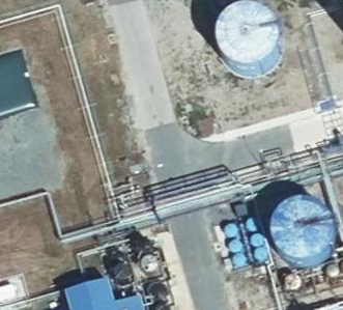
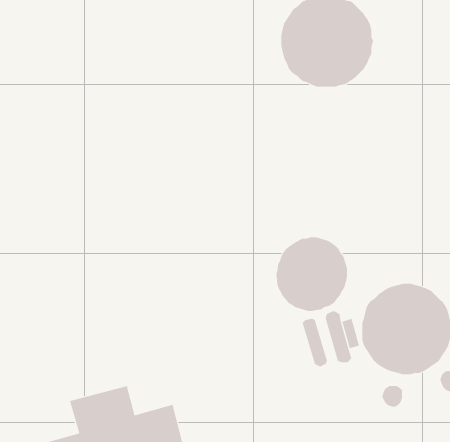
building: none -> [276,236,348,312]

